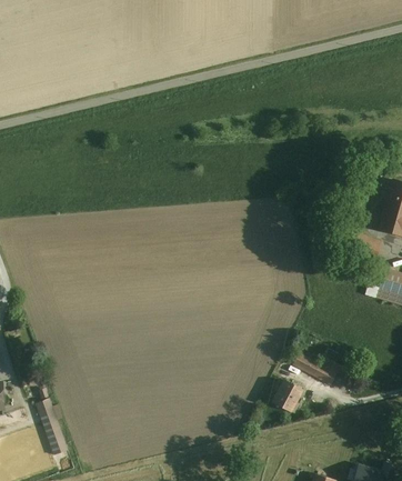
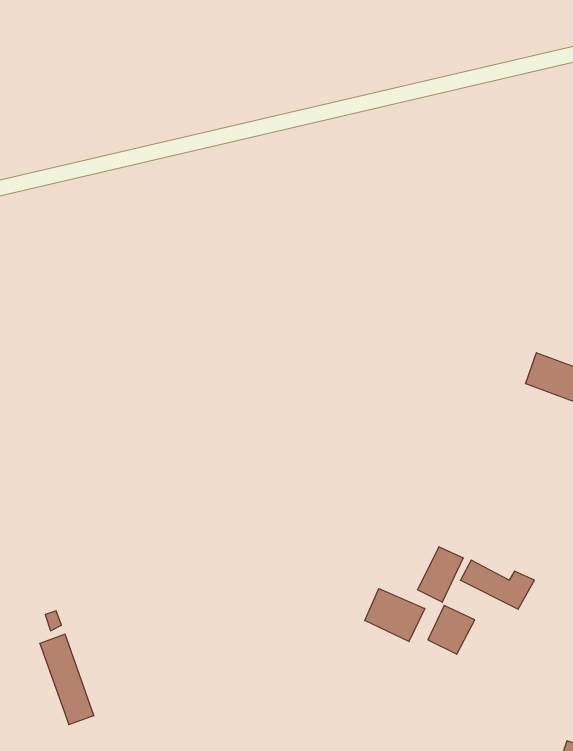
building: none -> [418,547,463,602]
building: none -> [365,589,425,642]

